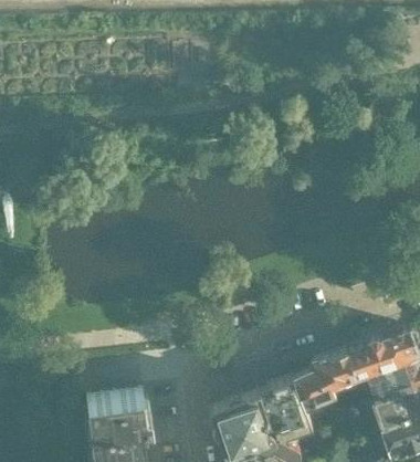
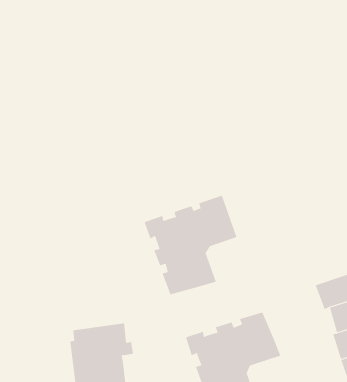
building: none -> [144,195,237,295]
building: [297,353,364,410] -> none

